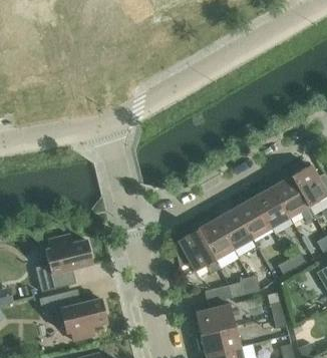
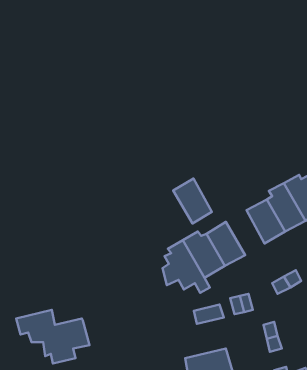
building: [235,198,271,240] -> [173,179,212,224]
building: [35,235,92,292] -> none
building: [193,305,235,336] -> none

